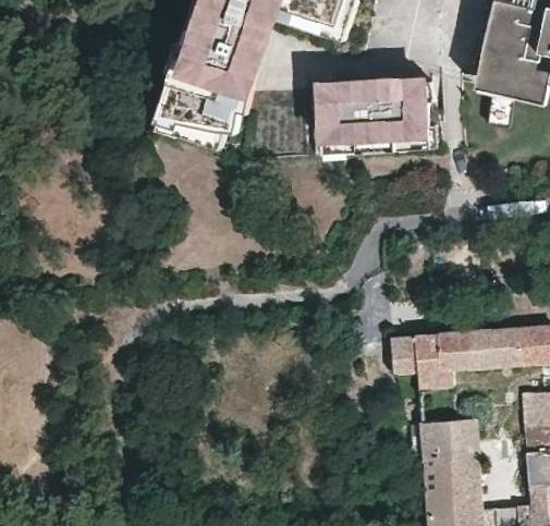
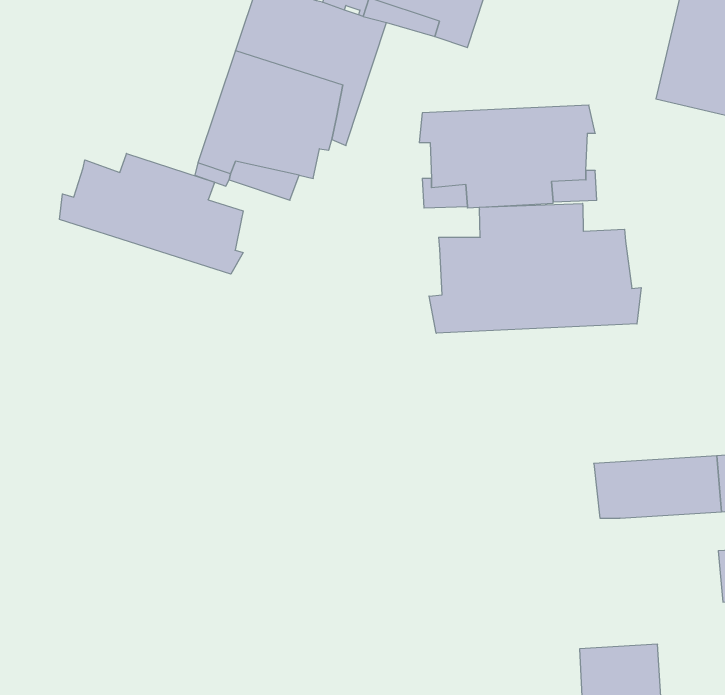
building: none -> [59,153,243,274]
building: none -> [429,203,641,333]
building: [389,331,453,387] -> none
building: [421,418,478,460] -> none

